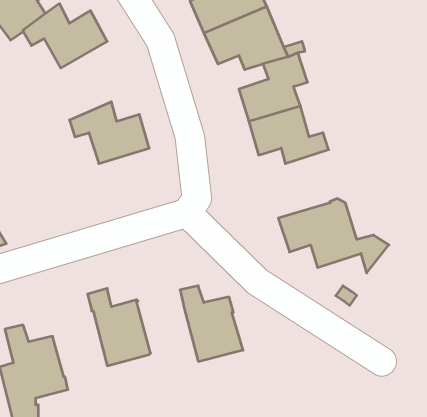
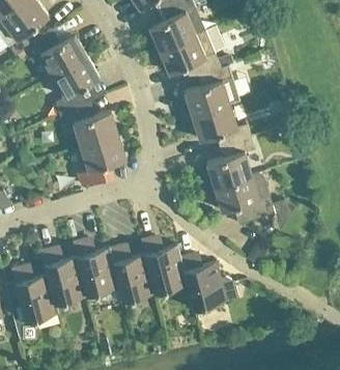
building: none -> [53,57,100,115]
building: none -> [78,136,126,186]
building: none -> [206,137,255,188]
building: none -> [109,246,154,303]
building: none -> [40,248,87,305]
building: none -> [179,254,238,311]

